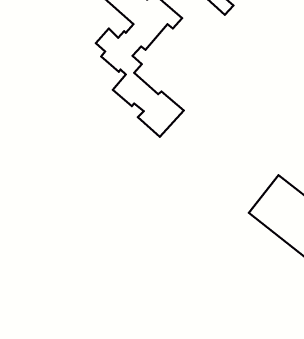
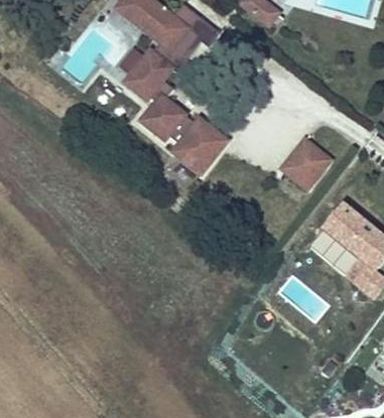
building: none -> [277,140,324,186]

